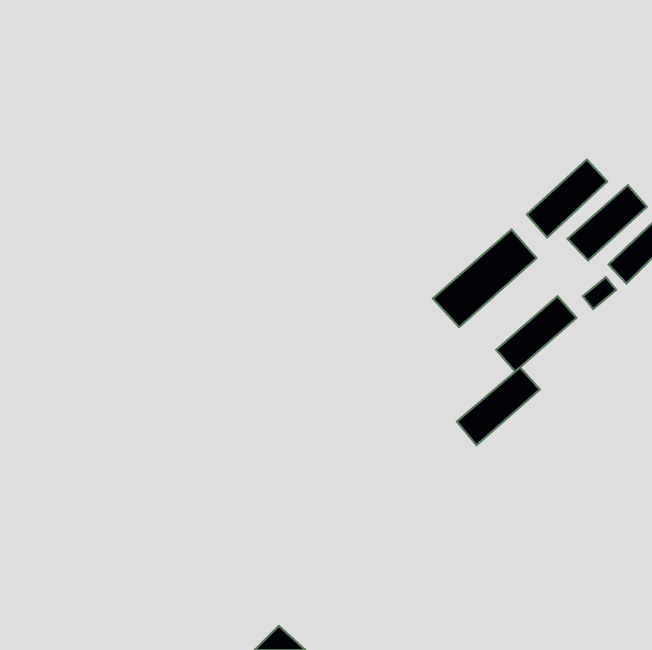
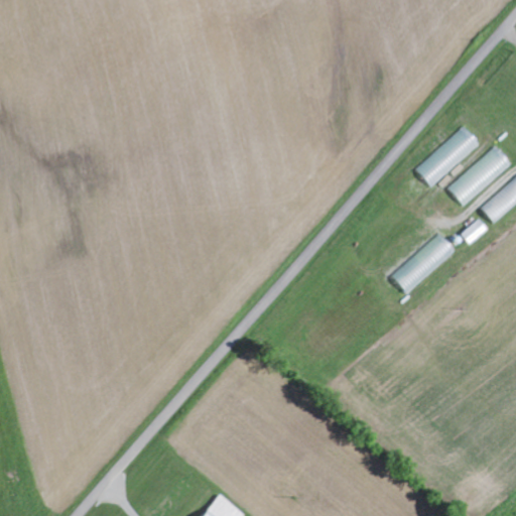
building: [433,230,536,327] -> none
building: [457,367,540,445] -> none

